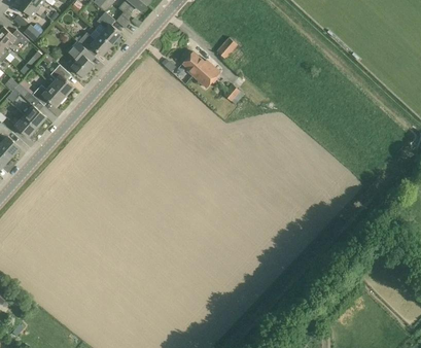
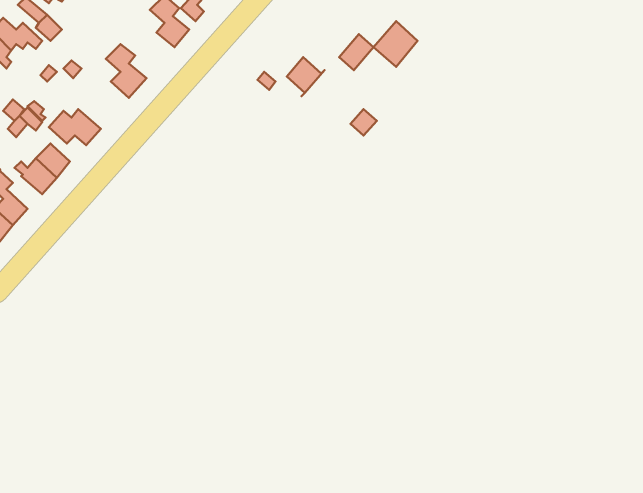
building: [77,32,111,56] -> none
building: [191,59,219,88] -> [373,21,417,67]
building: [49,64,73,96] -> none

